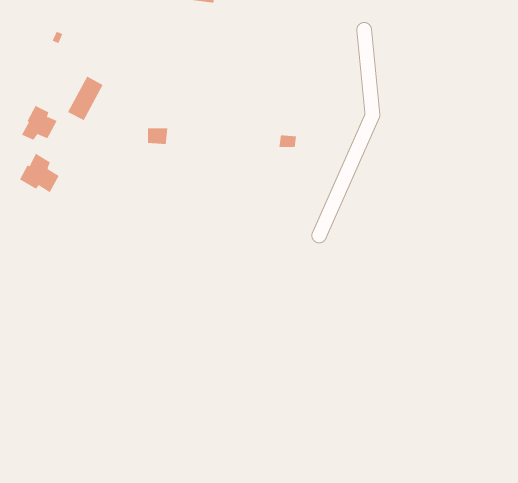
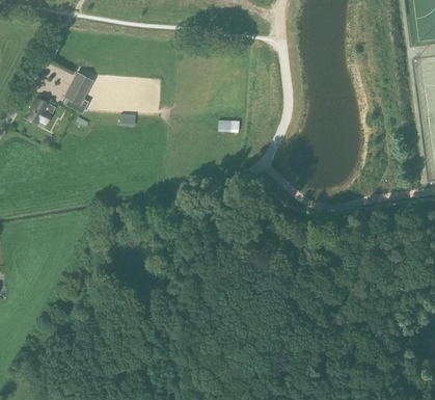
building: [19,153,59,193] -> none

